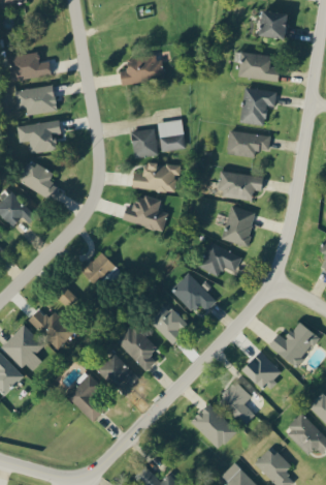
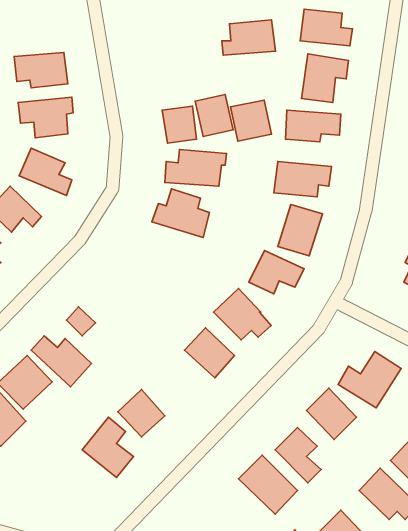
building: [9,52,52,81] -> none
building: [121,55,163,83] -> [222,20,275,55]
building: none -> [230,100,272,141]
building: [80,250,117,285] -> none
building: [118,324,158,371] -> none

